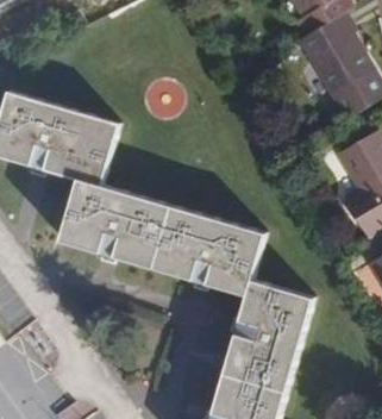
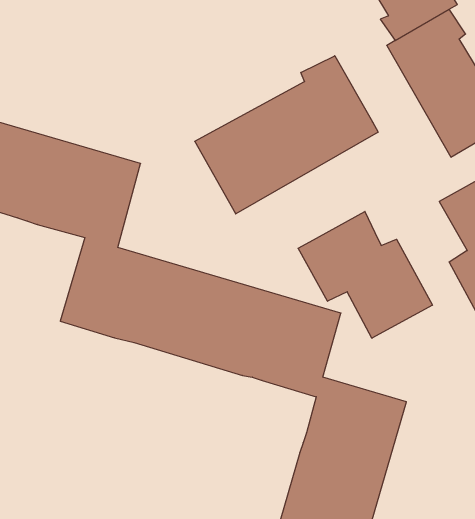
building: none -> [195,56,378,214]
building: none -> [298,211,432,338]

